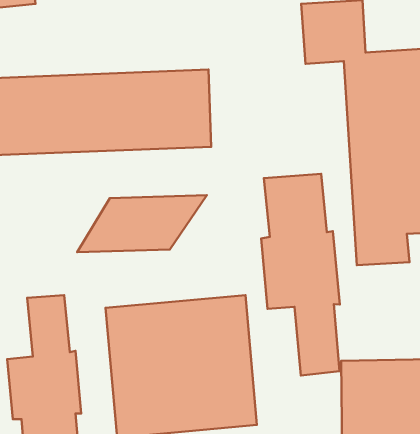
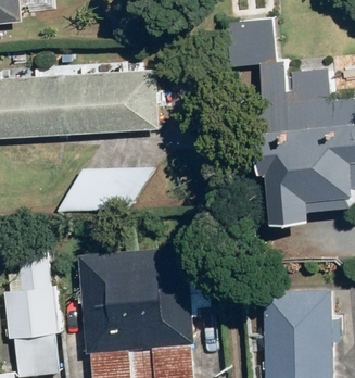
building: [261,174,340,376] -> none

